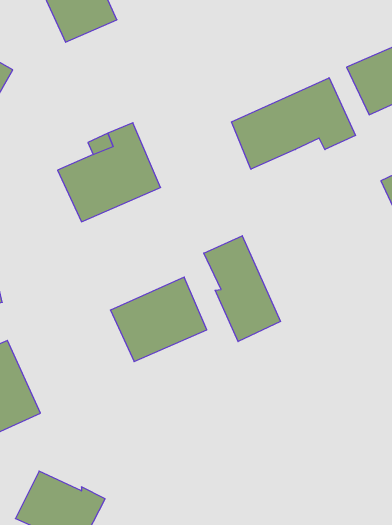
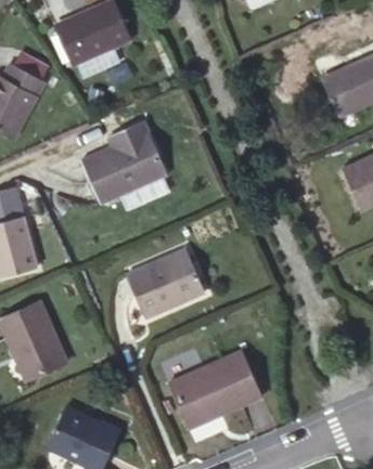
building: [231,78,356,169] -> none
building: [204,236,281,342] -> none
building: none -> [171,350,263,428]

